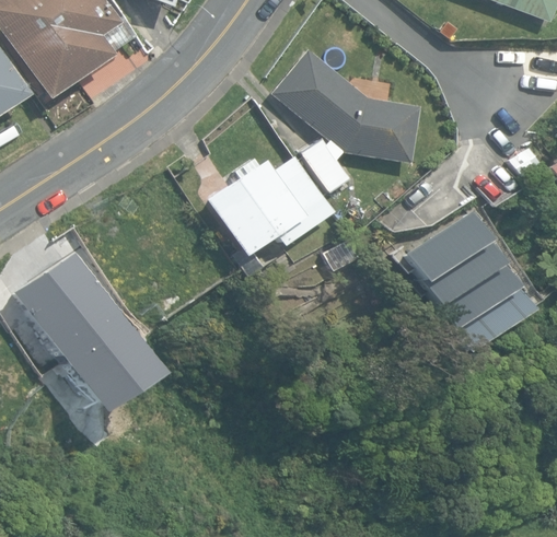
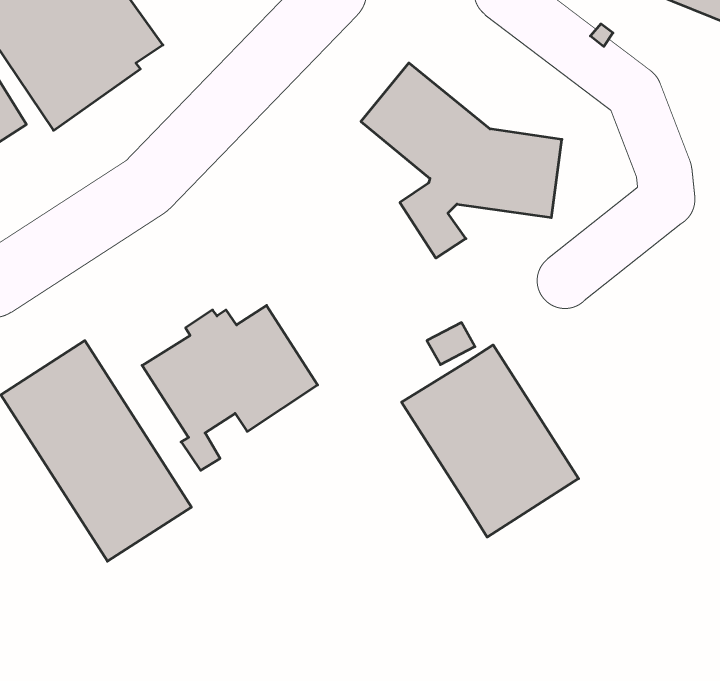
building: [206,155,334,276] -> [142,305,318,470]
building: [404,212,533,352] -> [402,345,579,537]

